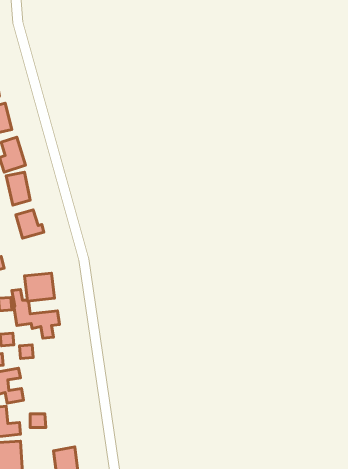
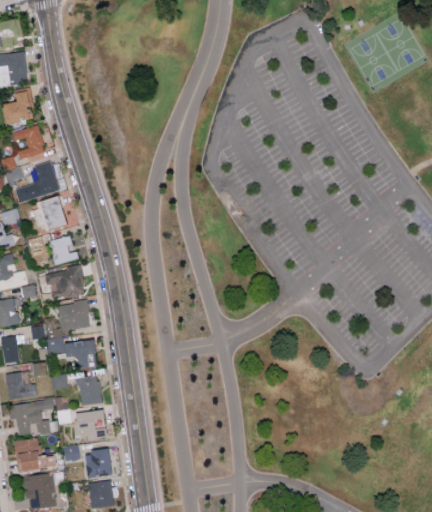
building: none -> [47,267,84,299]
building: none -> [78,377,100,404]
building: none -> [75,411,104,440]
building: none -> [84,449,110,478]

